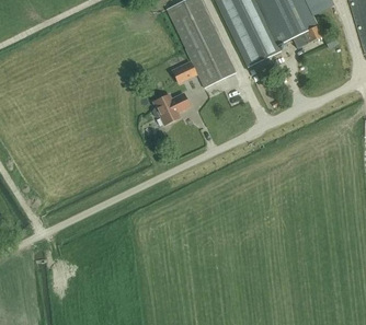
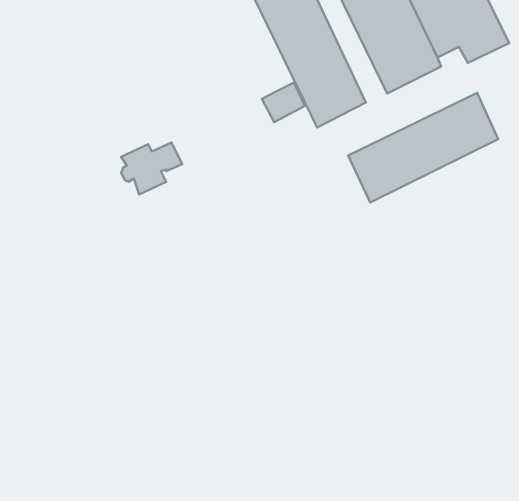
building: none -> [348,93,498,203]
building: [152,92,190,124] -> [121,142,182,194]

